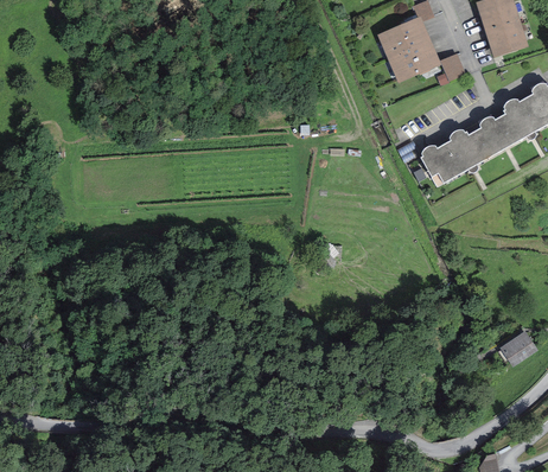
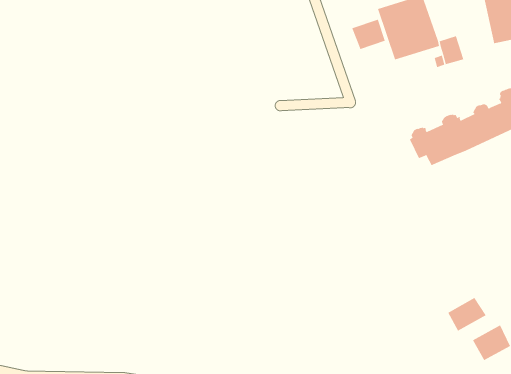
building: none -> [351,19,385,50]
building: none -> [447,297,486,331]

